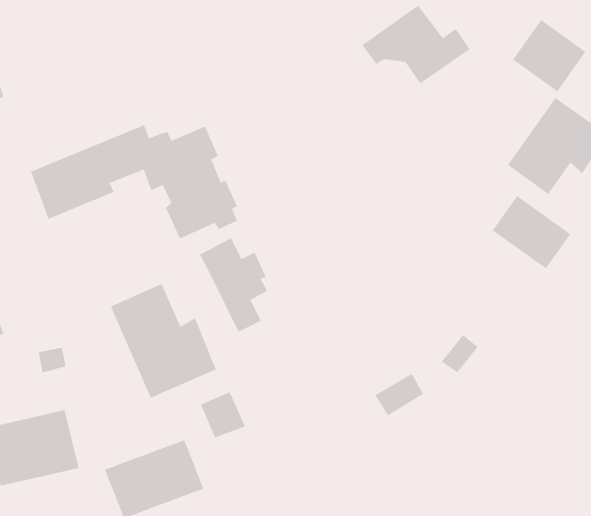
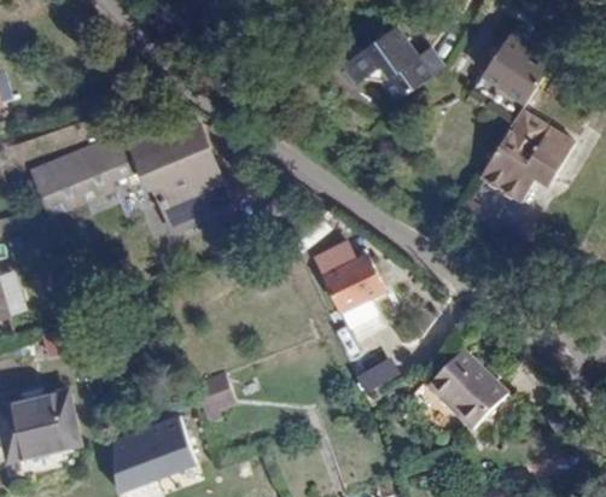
building: [492,195,571,269] -> none
building: [199,238,268,333] -> [315,242,379,331]
building: [110,283,216,398] -> none
building: none -> [427,351,508,432]

